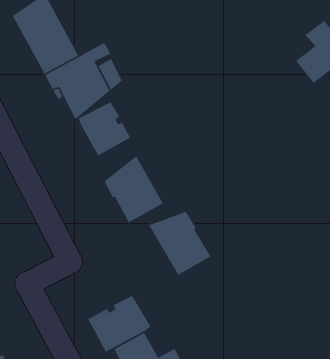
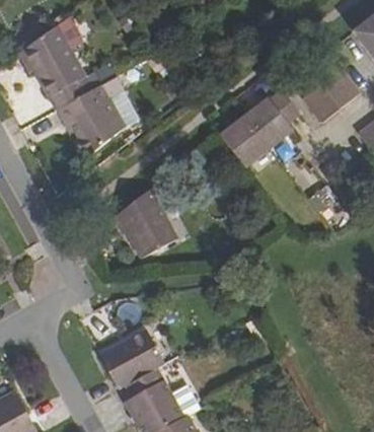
building: none -> [224,87,305,164]
building: [78,101,131,157] -> none
building: [148,211,212,276] -> none

